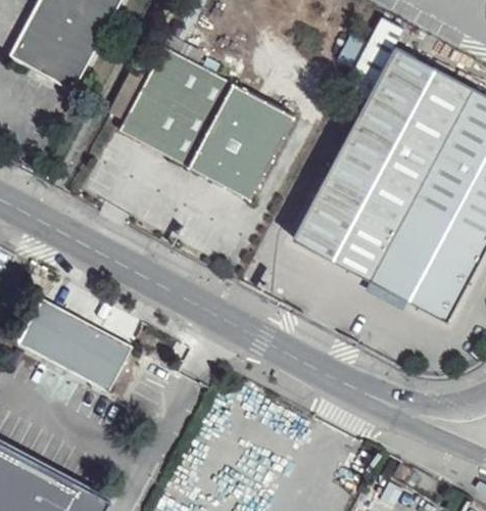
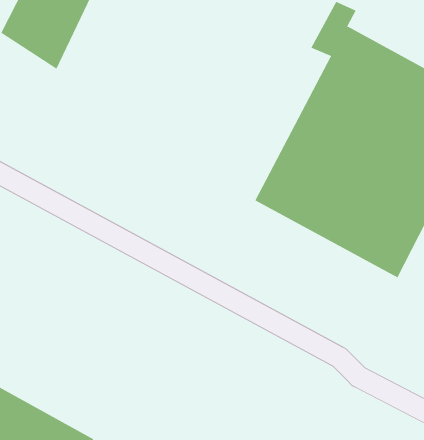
building: [105,43,296,198] -> none
building: [23,301,134,394] -> none

